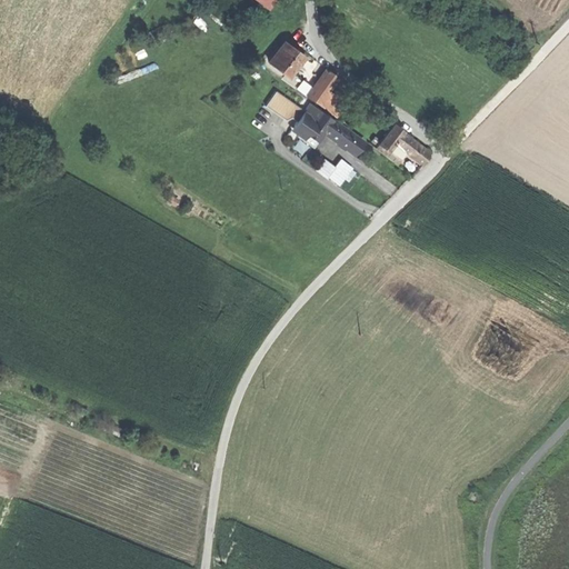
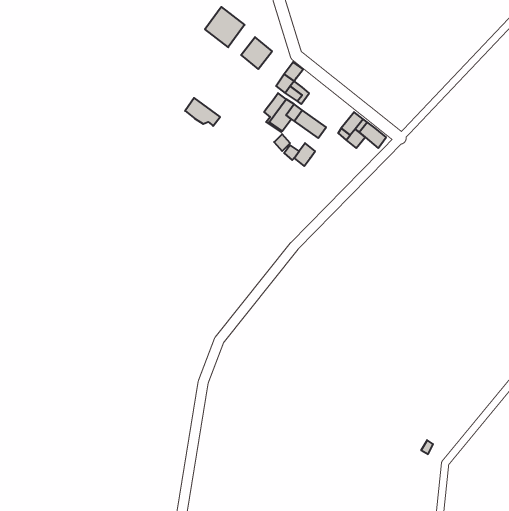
building: none -> [205,7,245,47]
building: [267,90,306,121] -> [185,98,220,126]

